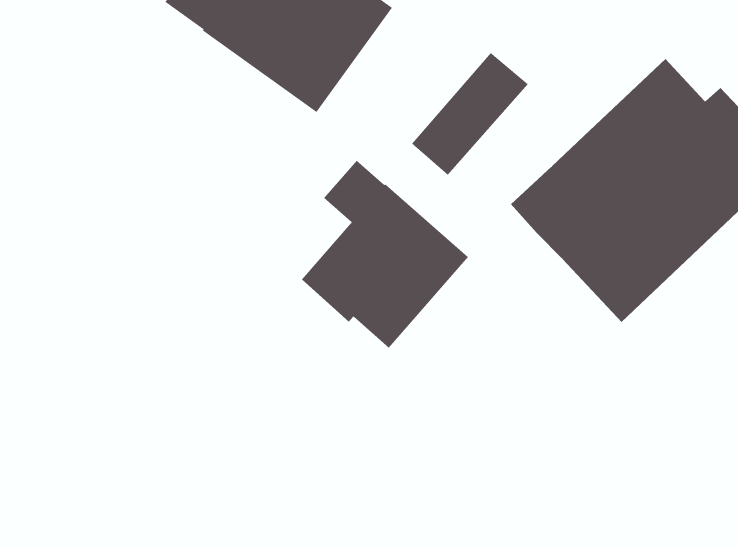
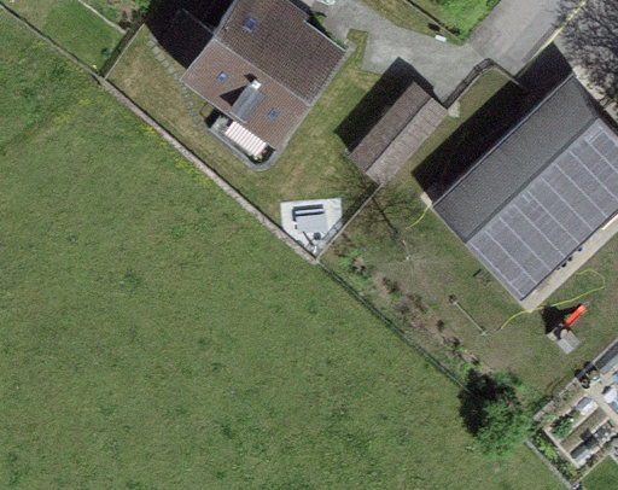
building: [301,160,469,348] -> none

